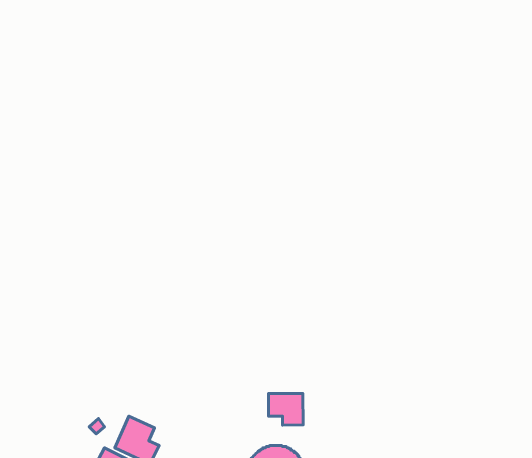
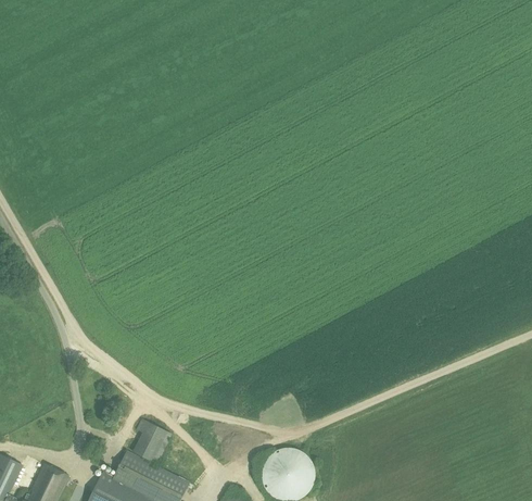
building: [269,393,303,425] -> none

